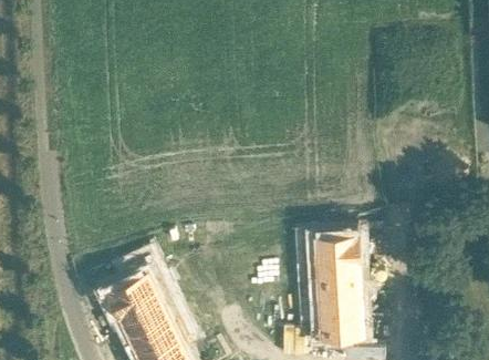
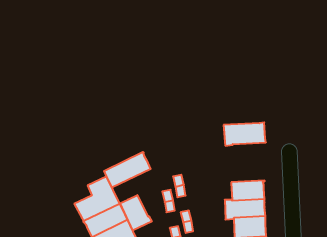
building: none -> [104,152,151,187]
building: [301,237,357,268] -> [224,122,266,146]
building: none -> [120,195,152,231]

